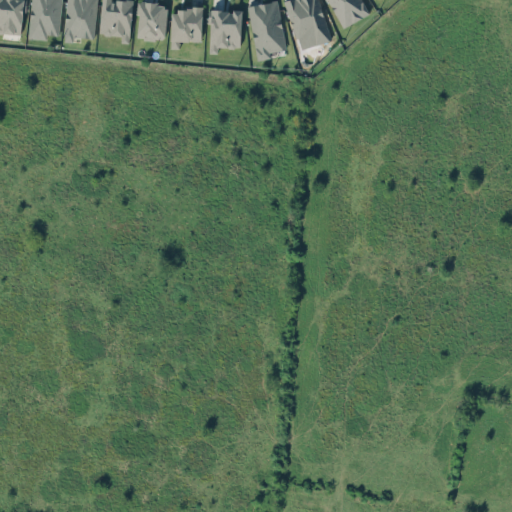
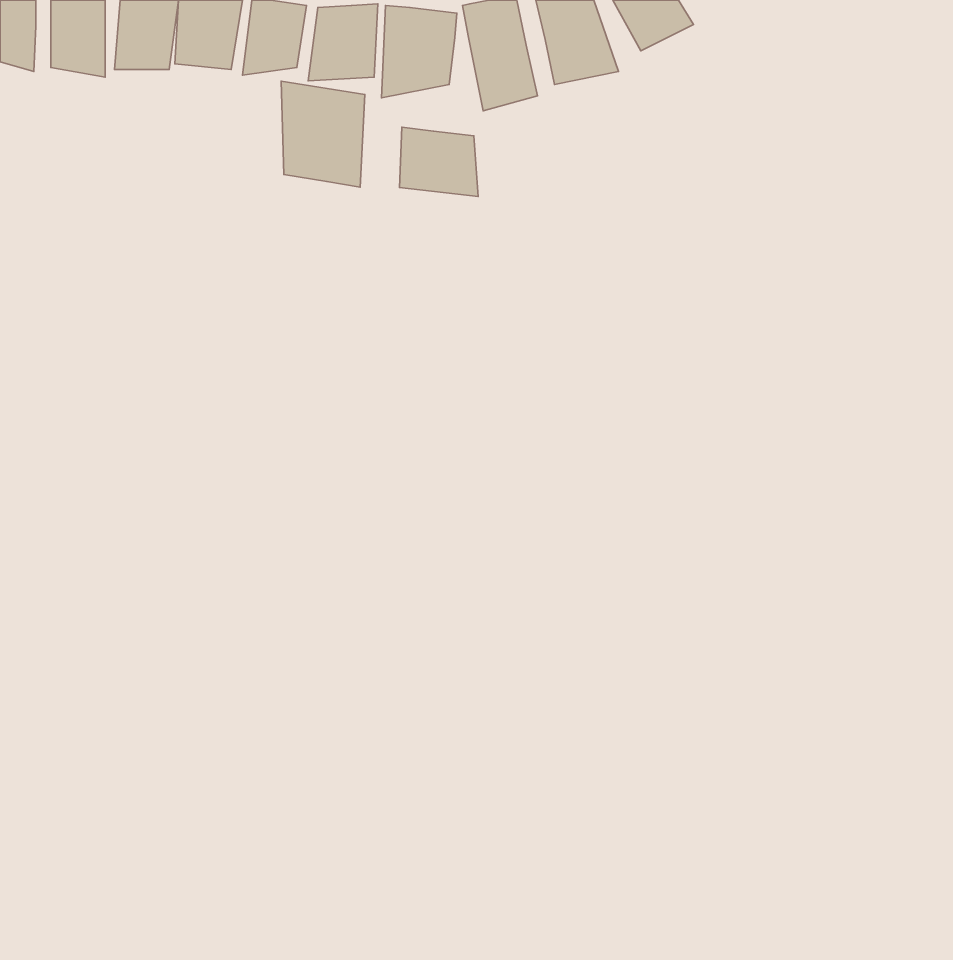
building: none -> [281,81,365,187]
building: none -> [399,127,478,196]

